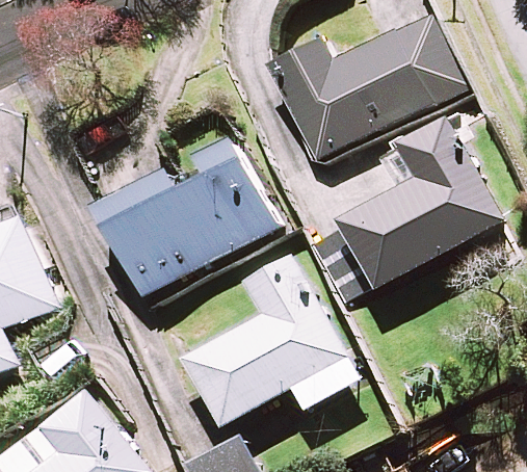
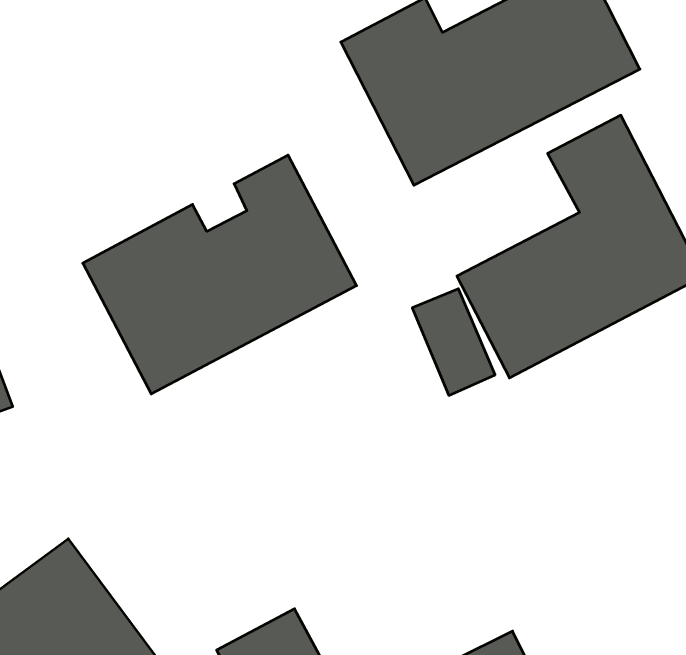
building: [183,259,357,424] -> none

